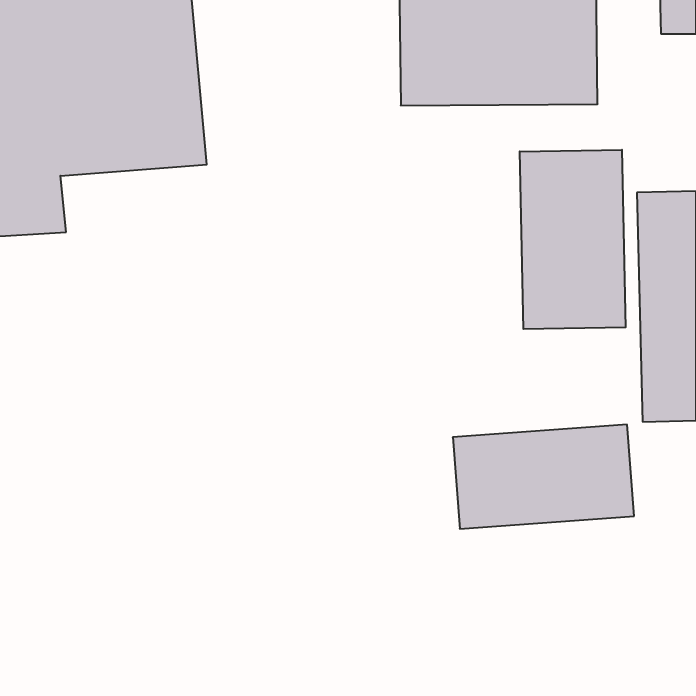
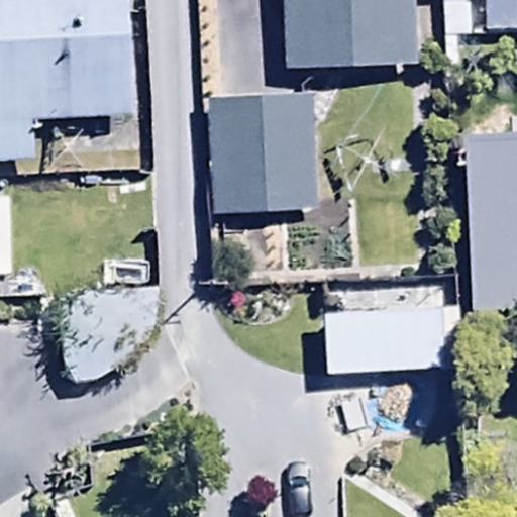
building: none -> [221,100,323,220]
building: [520,150,626,329] -> none

